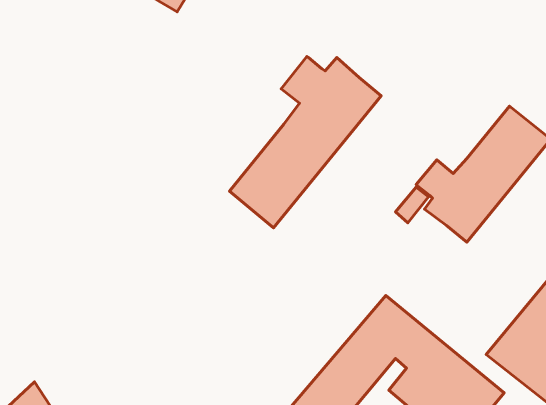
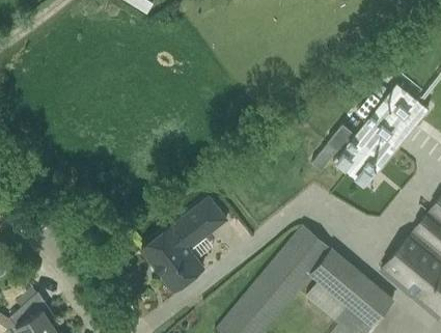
building: [229,56,381,228] -> none
building: none -> [142,197,228,292]

